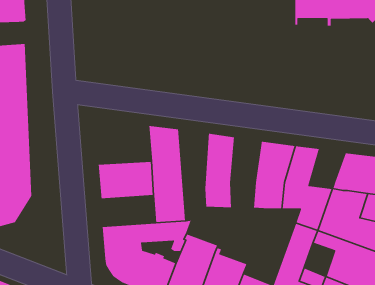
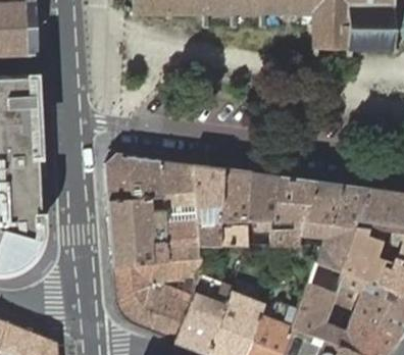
building: none -> [107,154,165,201]
building: none -> [194,164,224,246]
building: none -> [248,172,280,247]
building: none -> [330,185,367,226]
building: none -> [112,234,169,266]

